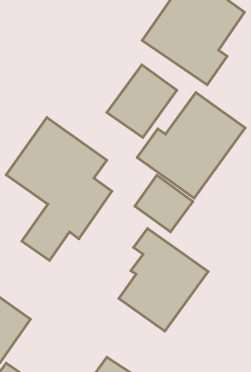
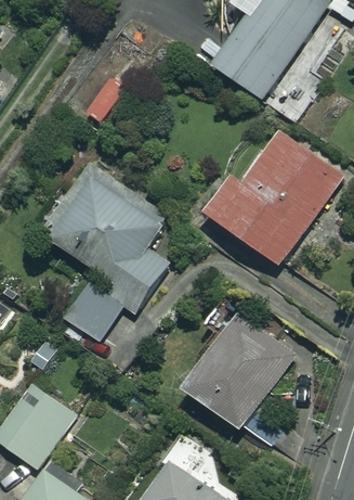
building: [107,65,177,138] -> none
building: [135,175,193,232] -> none

